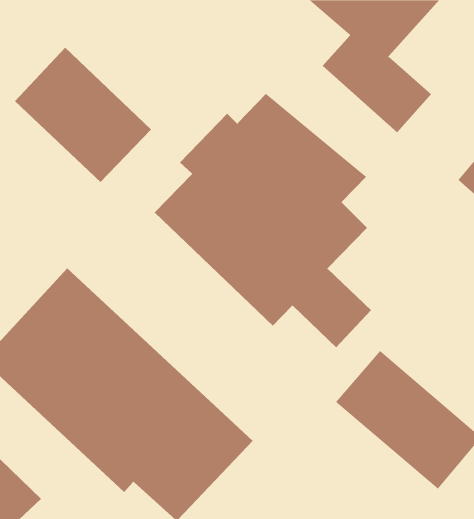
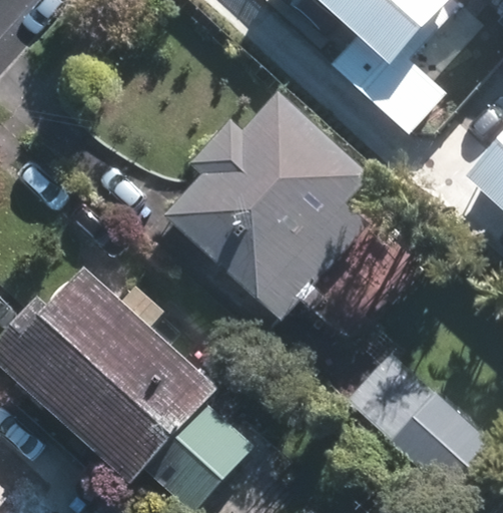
building: [14,47,152,183] -> none

